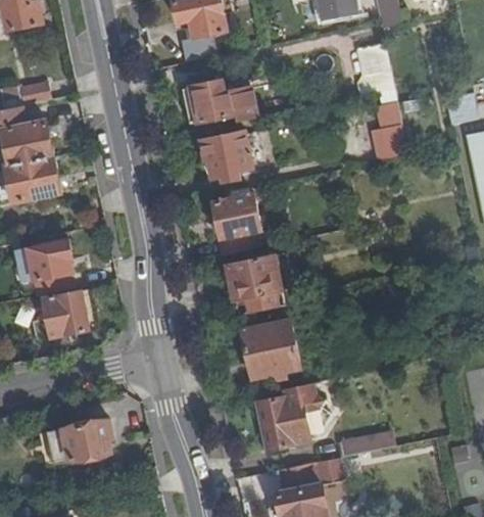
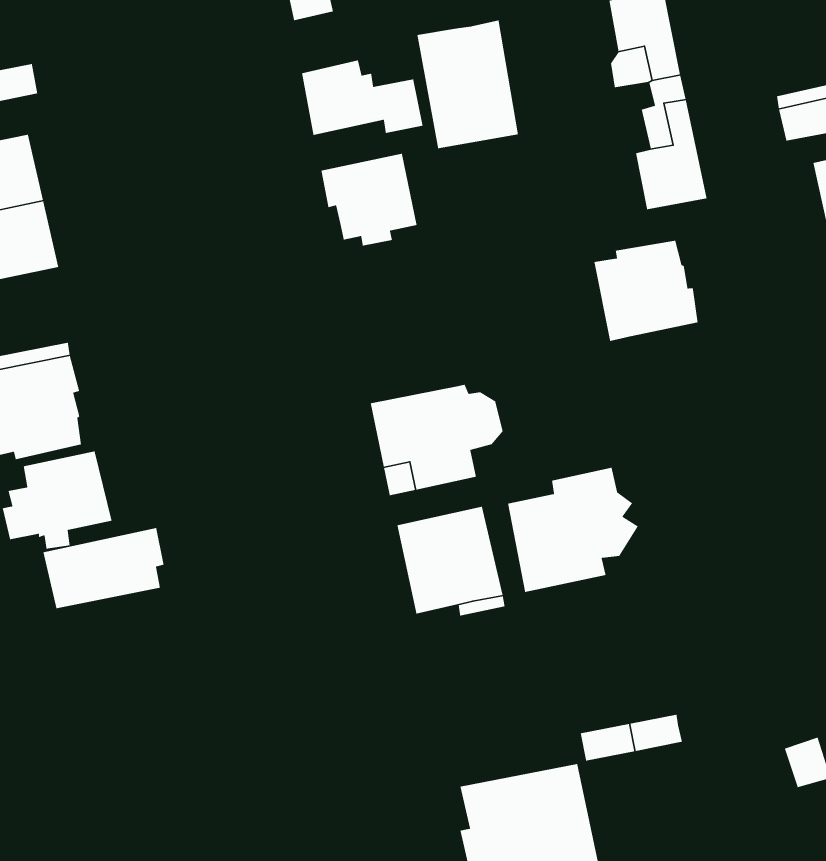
building: none -> [416,19,519,149]
building: none -> [593,240,699,342]
building: [214,194,260,255] -> none
building: [257,382,328,450] -> [507,467,639,593]
building: [47,419,112,463] -> [42,527,165,609]

